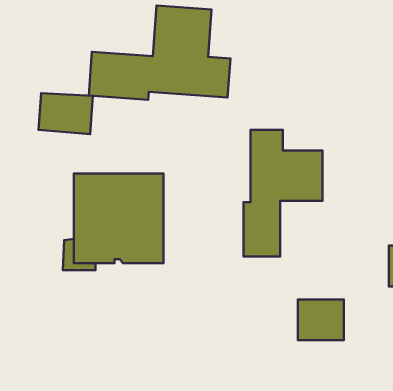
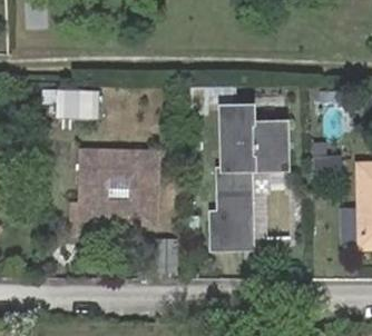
building: [89,6,230,100] -> none
building: [298,299,344,340] -> [215,217,253,250]

